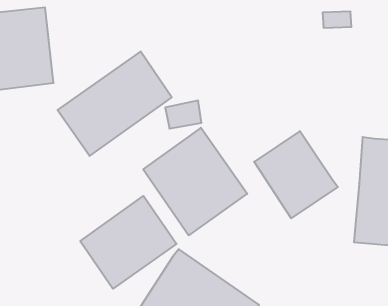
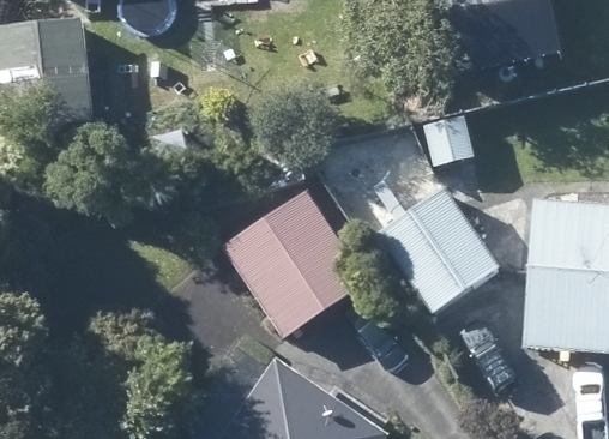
building: [58,51,172,156] -> none
building: [80,196,177,289] -> none

